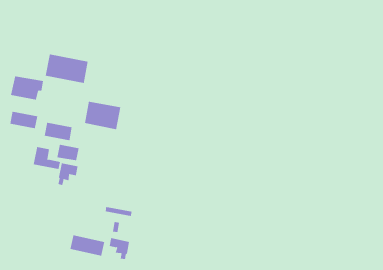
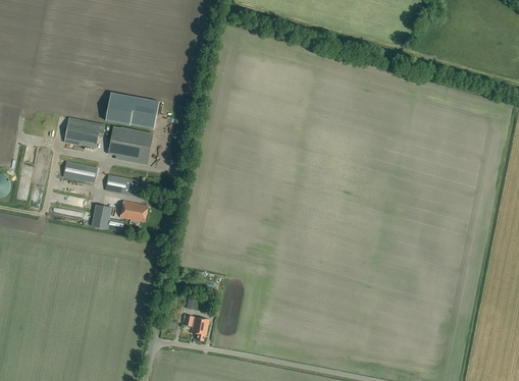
building: [84,101,121,130] -> [107,125,152,160]
building: [58,163,78,186] -> none
building: [70,234,105,257] -> none

